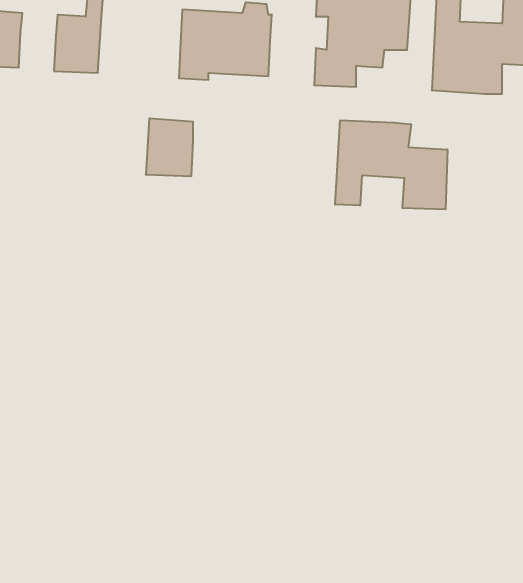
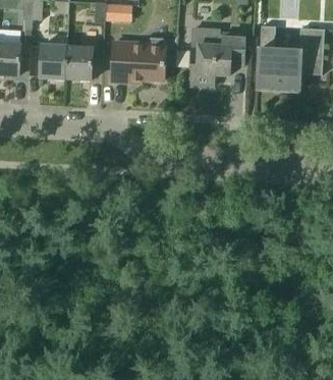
building: [146,118,193,176] -> [64,46,92,79]
building: [335,120,447,209] -> none

